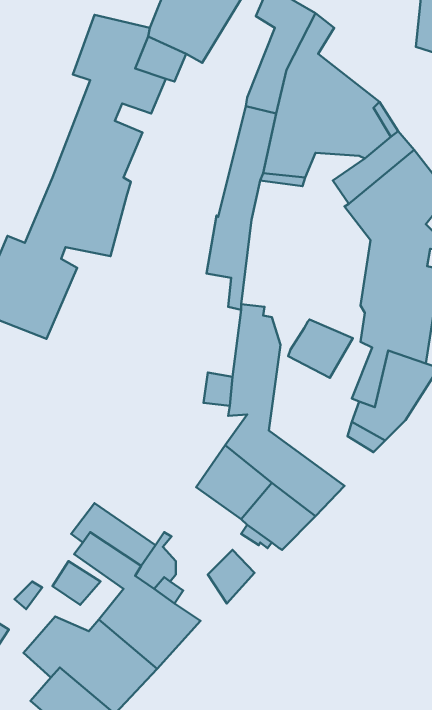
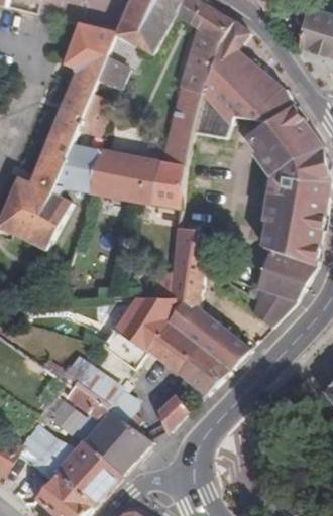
building: none -> [89,147,162,201]
building: [288,319,353,378] -> none
building: none -> [99,298,184,368]

